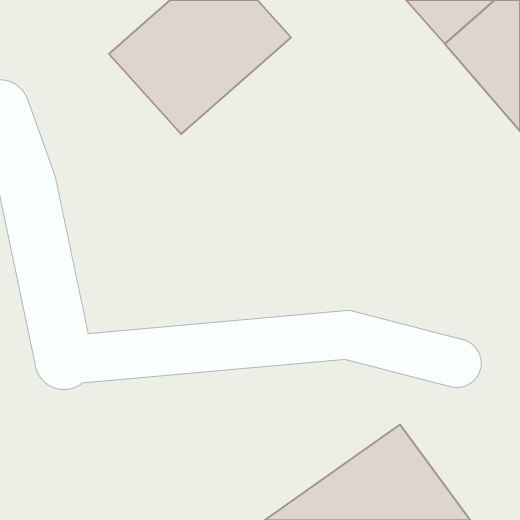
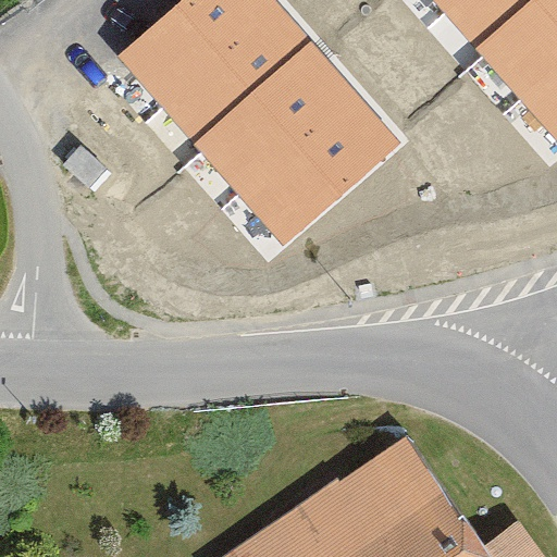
building: none -> [194,40,401,246]

